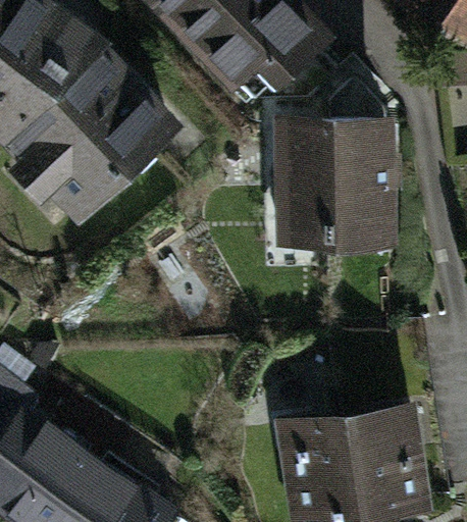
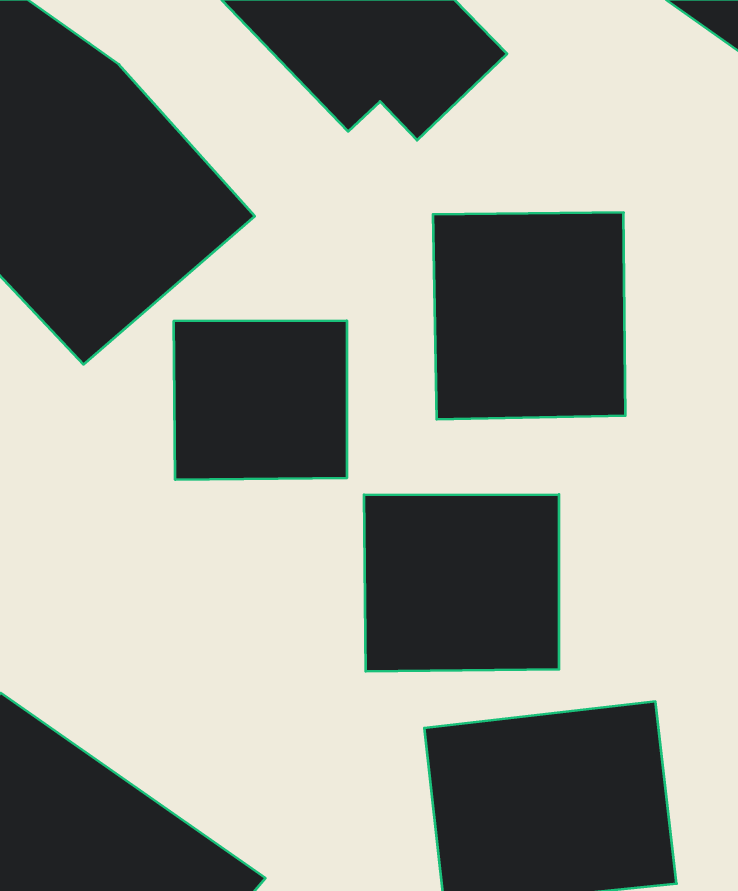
building: none -> [174,321,347,480]
building: none -> [364,494,559,671]

